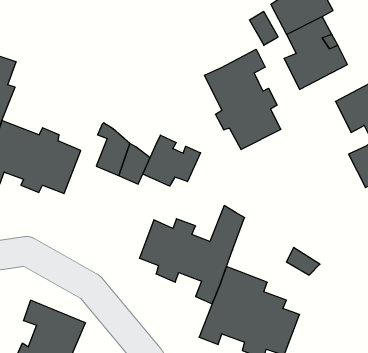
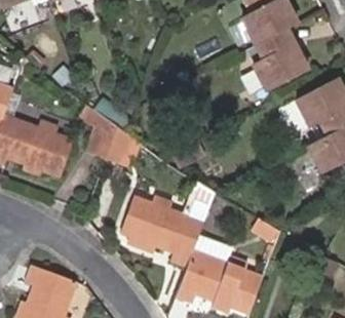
building: [204,49,281,150] -> none
building: [143,135,201,186] -> none

